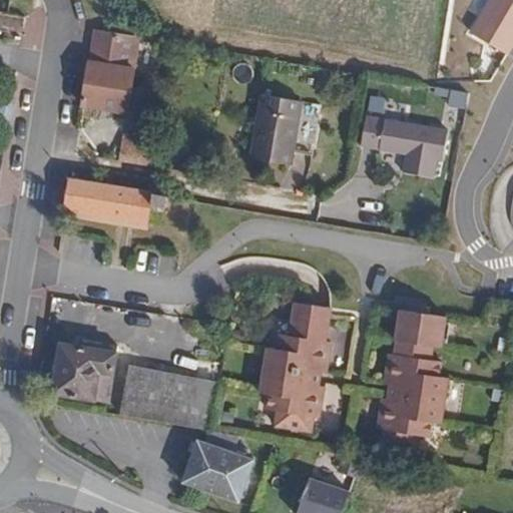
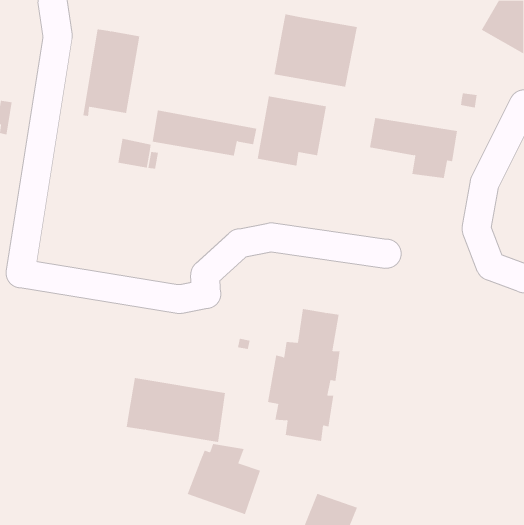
building: none -> [274,14,357,88]
building: [65,178,167,223] -> [152,110,257,156]
building: [378,301,450,448] -> none
building: [47,342,118,404] -> none

